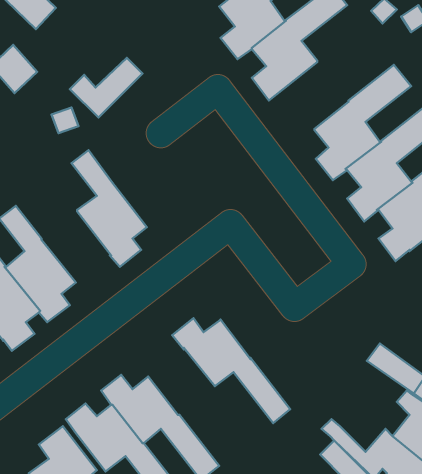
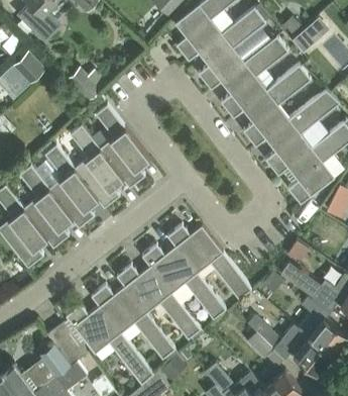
building: none -> [221,36,288,118]
building: none -> [96,105,150,188]
building: none -> [45,144,99,228]
building: none -> [167,225,252,299]
building: none -> [117,265,201,339]

